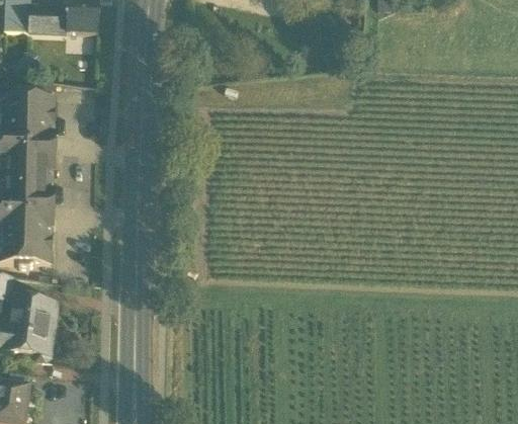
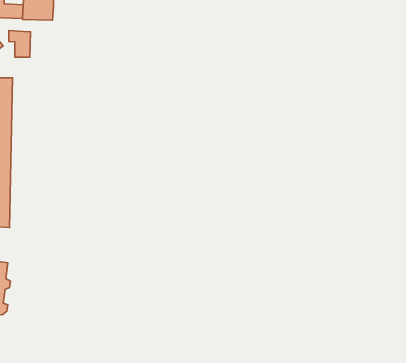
building: none -> [9,31,31,57]

